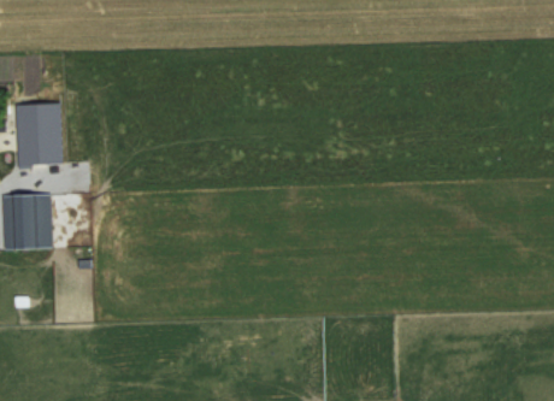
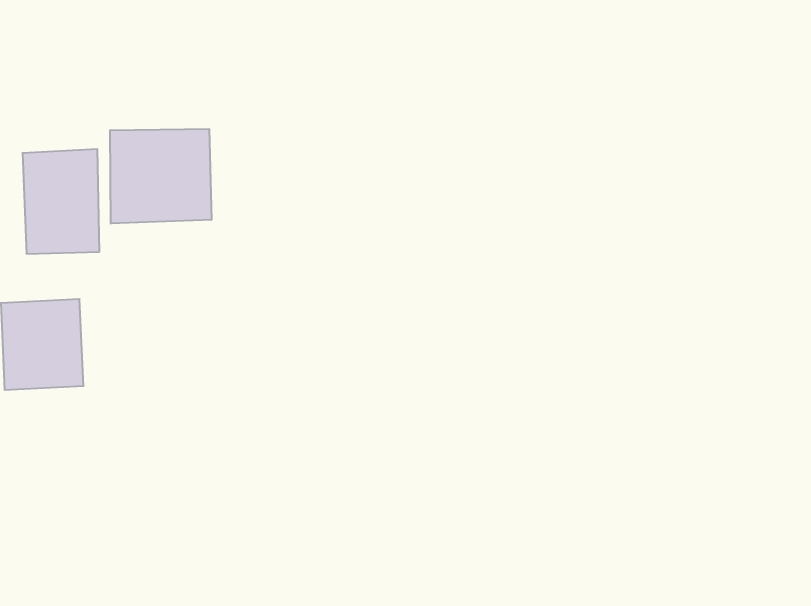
building: none -> [110,129,211,224]

